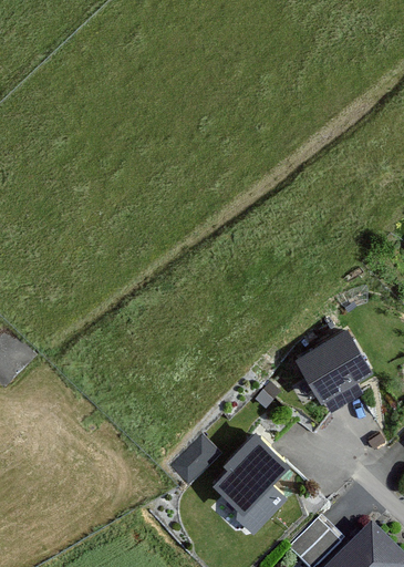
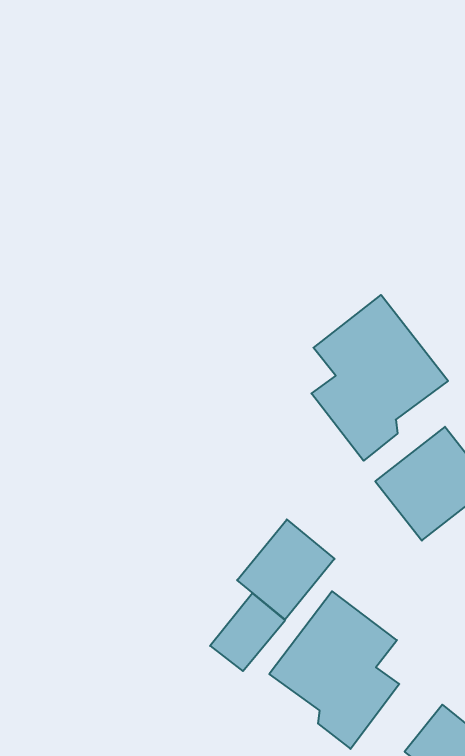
building: none -> [311,295,448,461]
building: none -> [237,519,335,620]

